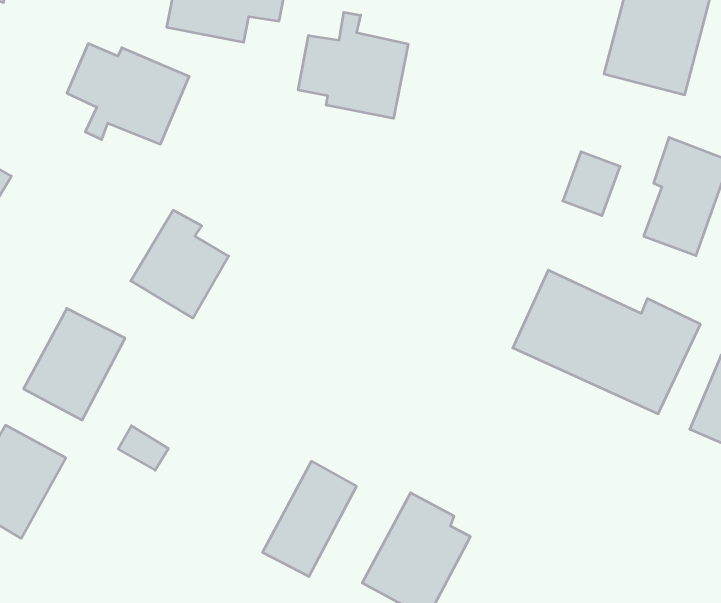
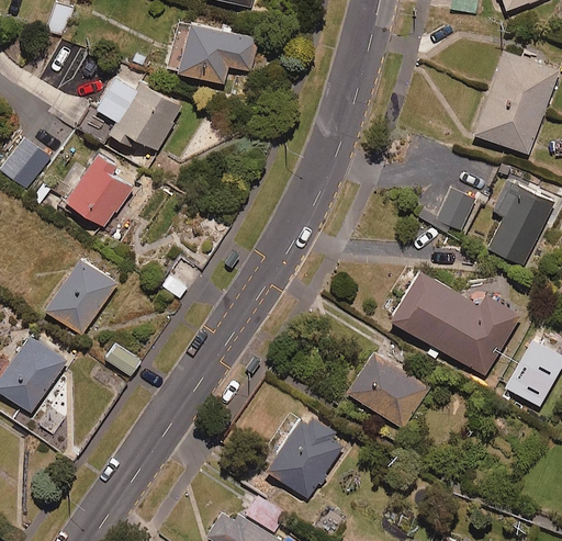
building: [298,12,408,118] -> none
building: [131,210,229,318] -> [63,151,133,228]
building: none -> [345,350,429,429]
building: [263,461,356,577] -> none

